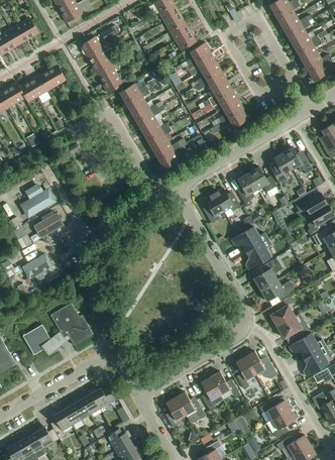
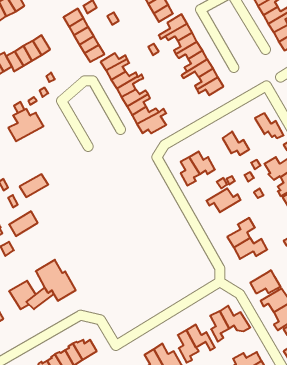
building: [273,152,293,186] -> none
building: [237,174,257,207] -> none
building: [19,183,57,217] -> [8,109,44,141]
building: [245,239,271,270] -> none
building: [270,297,295,327] -> none

